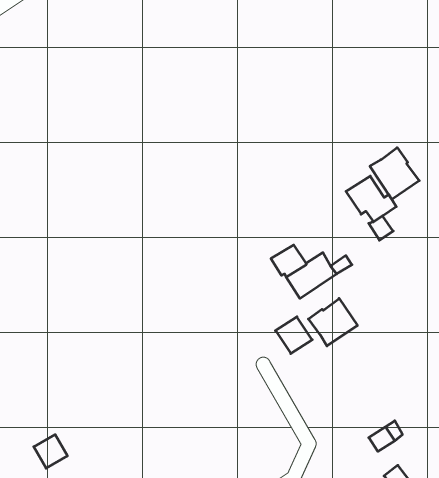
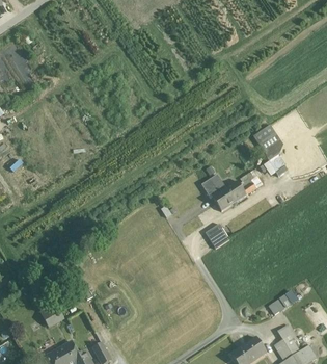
building: [370,148,419,199] -> none
building: [308,298,357,346] -> none

